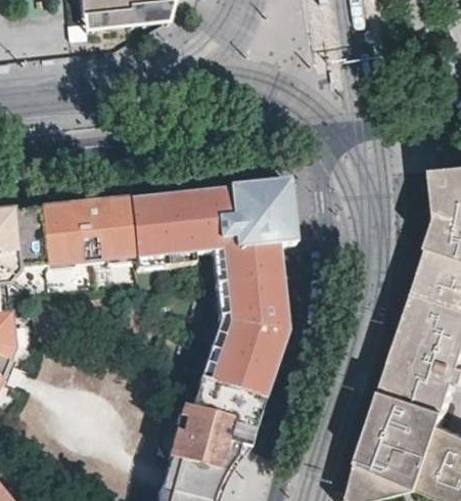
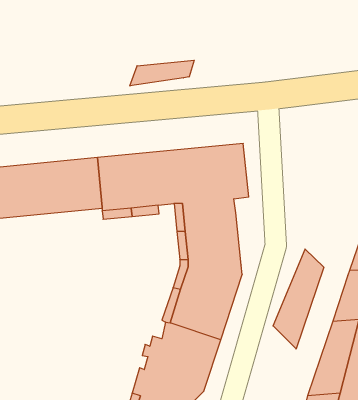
building: none -> [130,60,194,86]
building: none -> [273,249,324,349]

